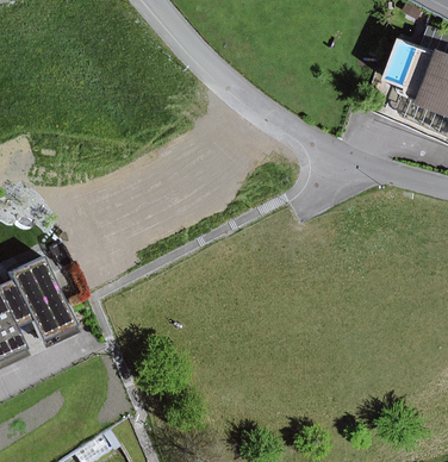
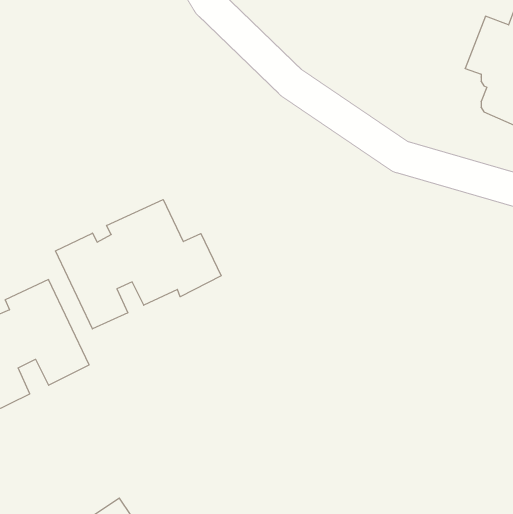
building: none -> [55,200,221,329]

